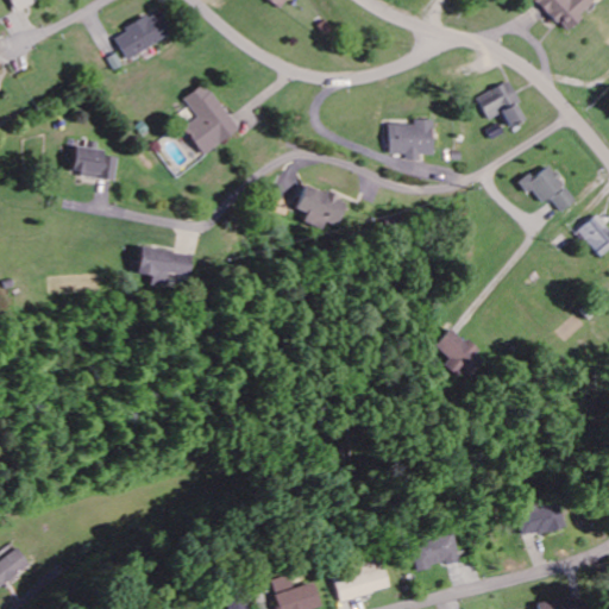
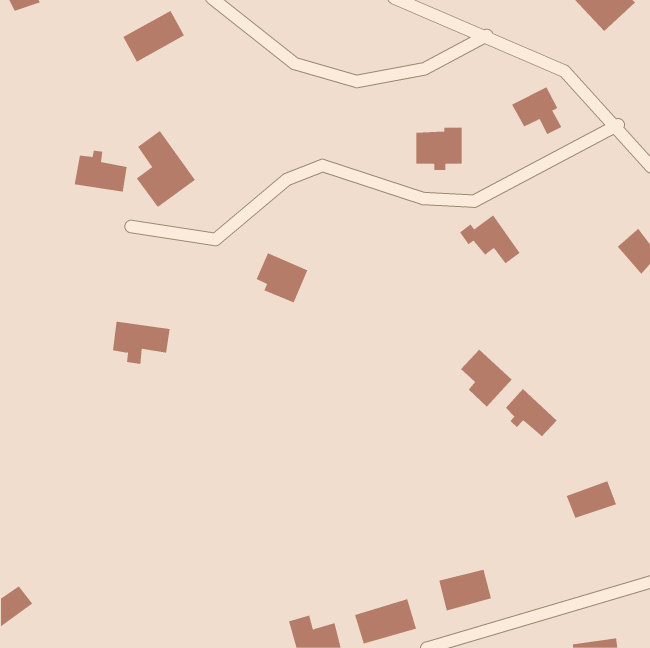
building: [184,82,240,155] -> [136,130,196,208]
building: [519,164,576,211] -> [459,215,520,264]
building: [295,183,344,231] -> [256,252,308,303]
building: [134,246,189,287] -> [112,321,171,365]
building: none -> [505,388,558,437]
building: [514,500,561,535] -> [566,480,617,519]

